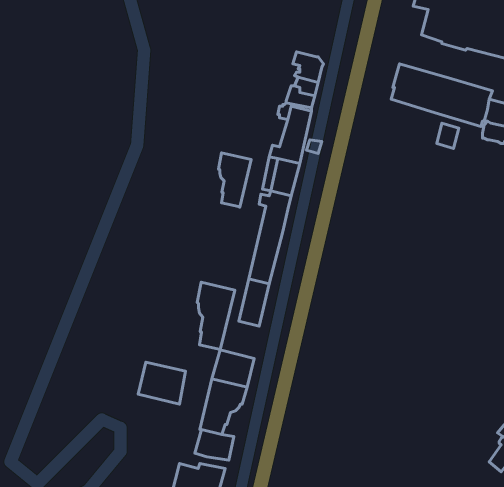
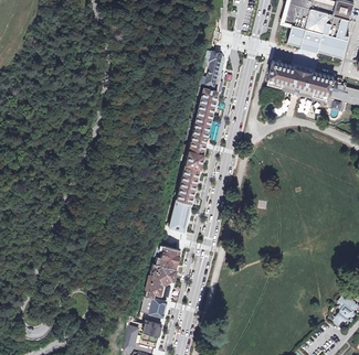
building: [219,153,251,207] -> none
building: [197,282,235,350] -> none
building: [138,362,185,404] -> none

